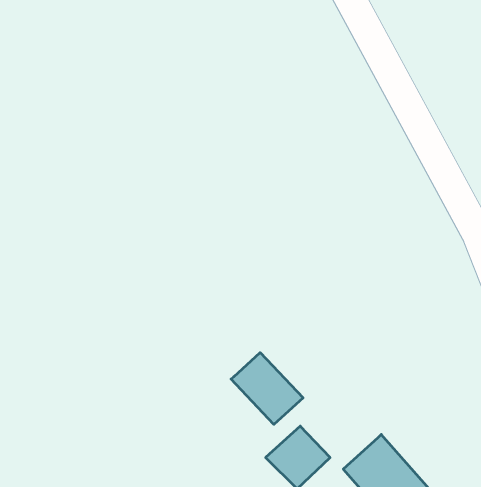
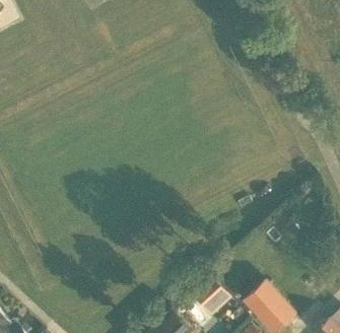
building: [231,353,303,424] -> none

